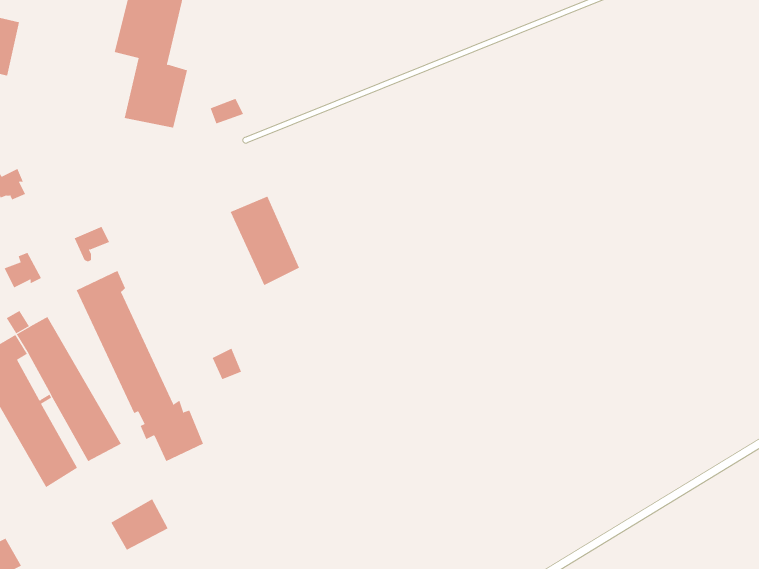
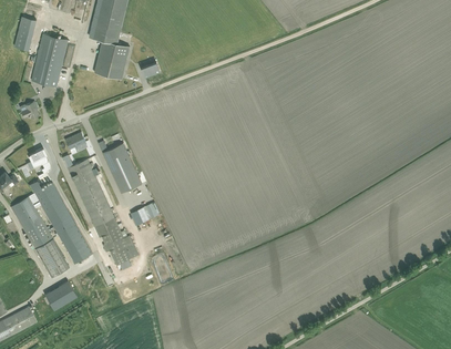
building: none -> [30,33,68,86]
building: [230,196,300,286] -> [102,143,141,193]
building: [110,498,168,550] -> [41,280,73,309]

